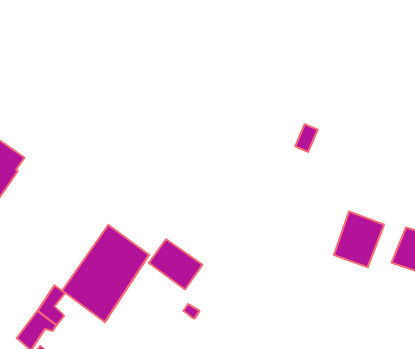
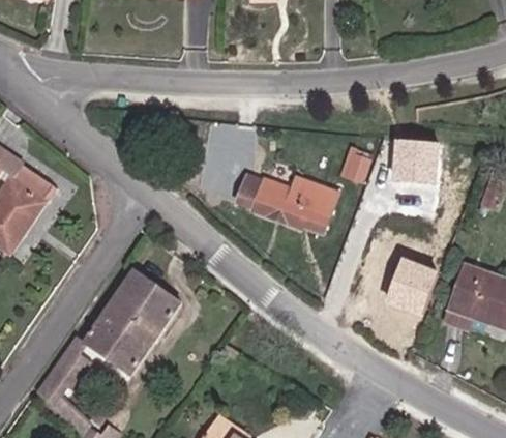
building: none -> [390,136,442,181]
building: none -> [236,172,334,233]
building: [149,239,202,289] -> none

